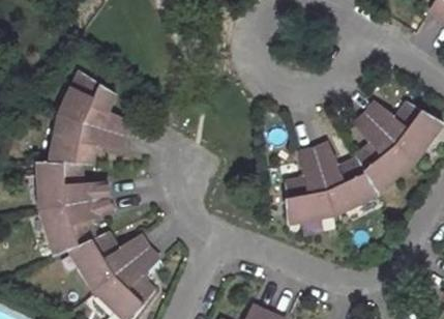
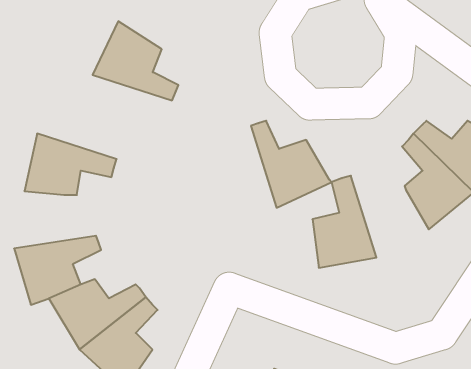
building: [59,71,128,136] -> [93,21,178,100]
building: [313,145,378,215] -> [251,121,332,208]
building: [37,162,107,208] -> none

